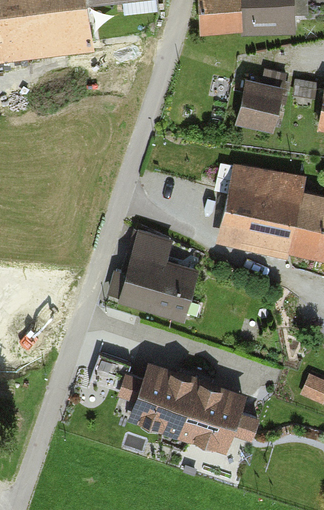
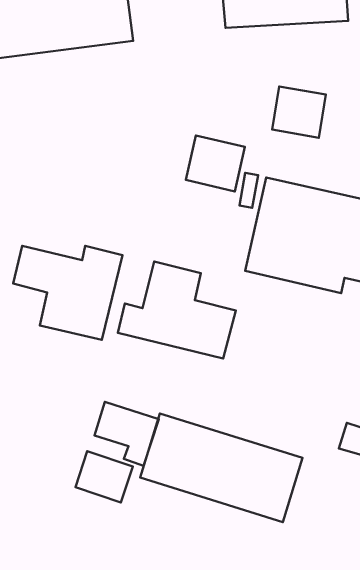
building: none -> [186,135,245,191]
building: none -> [13,246,123,340]
building: none -> [75,451,133,503]

